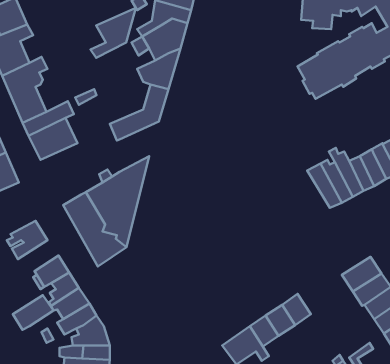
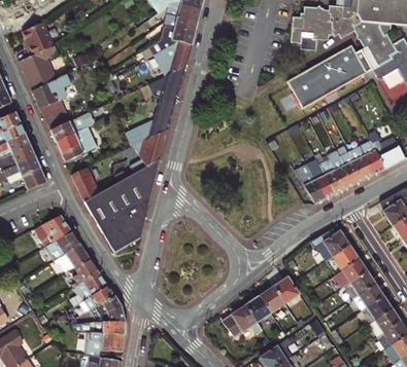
building: [90,8,136,58] -> [128,129,167,172]
building: none -> [71,166,100,200]
building: none -> [310,228,349,260]
building: [13,295,54,330] -> [45,230,80,260]

